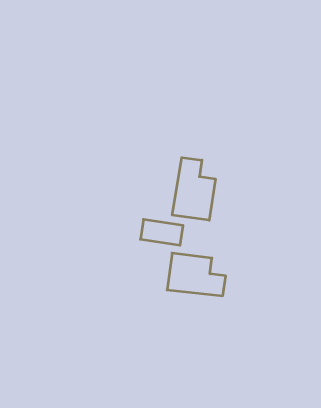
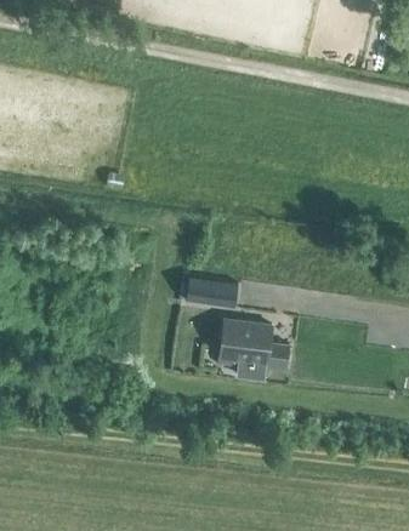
building: [172,158,215,220] -> none

